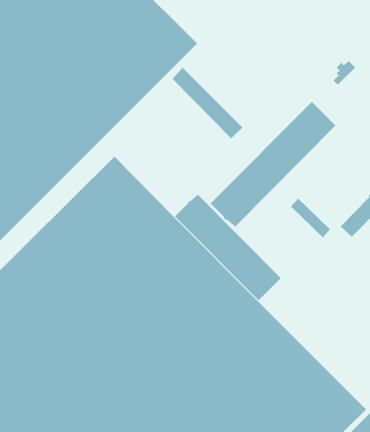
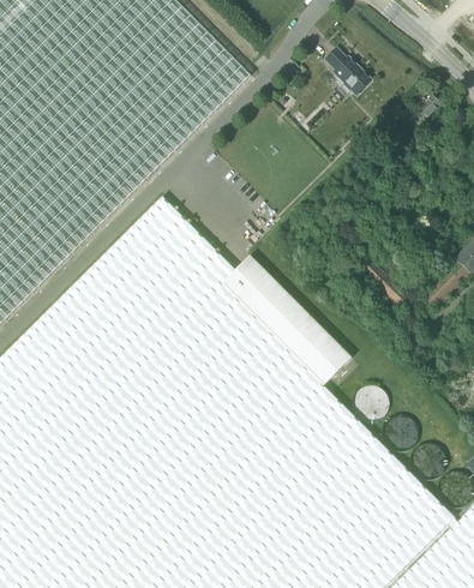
building: none -> [325,48,370,94]
building: [172,67,243,139] -> [149,196,235,283]
building: [210,101,336,228] -> none

